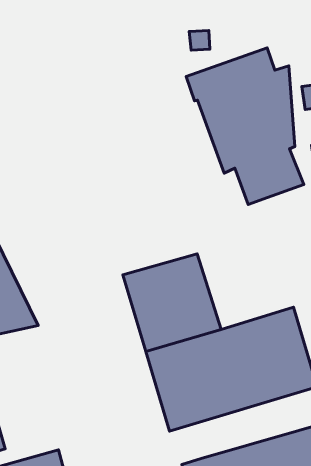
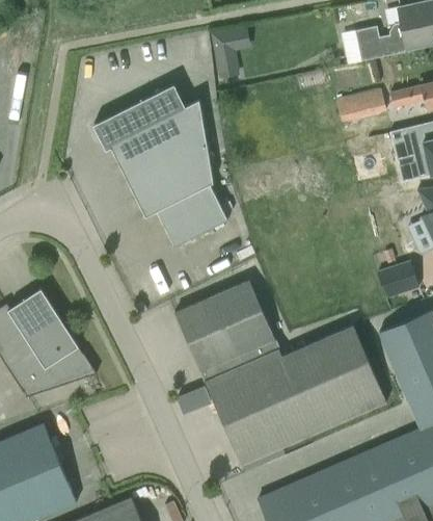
building: [186,48,304,205] -> [96,85,227,246]

